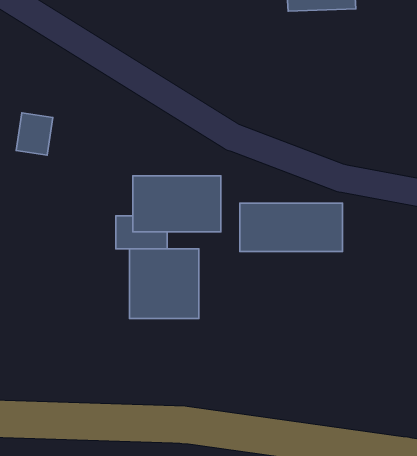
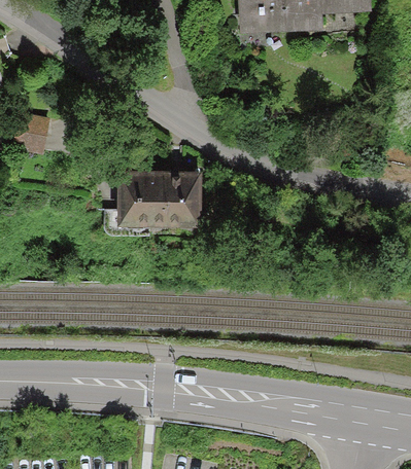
building: [240,203,343,252] -> none
building: [130,249,199,318] -> none

